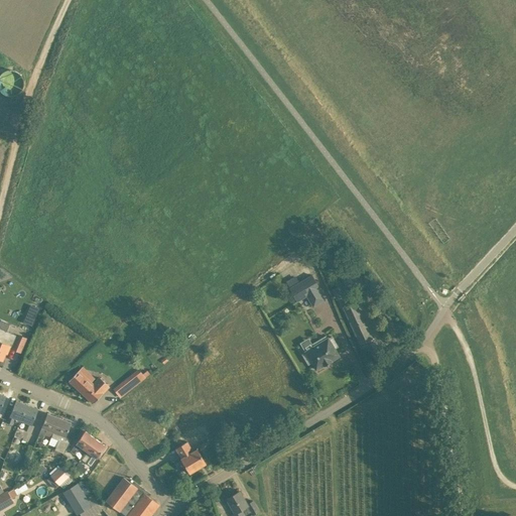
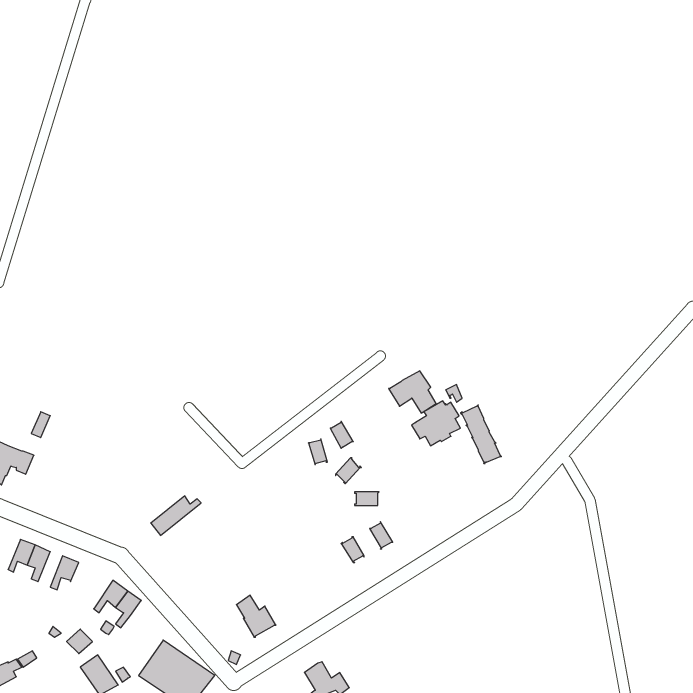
building: [301,337,338,370] -> [412,401,460,446]
building: [69,368,109,404] -> none
building: [49,418,71,454] -> none

